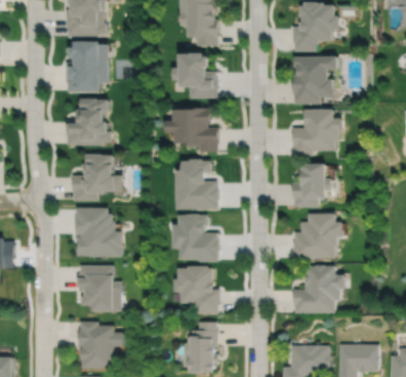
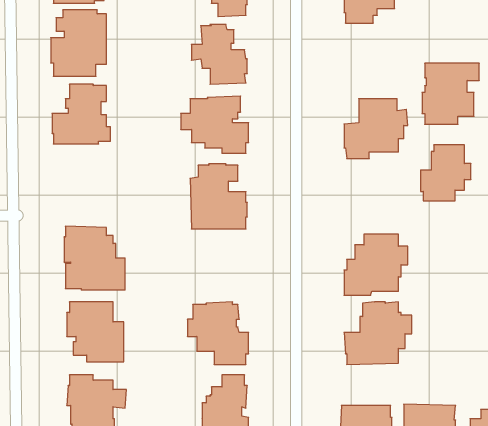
building: [292,56,336,103] -> [422,63,479,124]
building: [72,155,123,201] -> none
building: [291,164,330,207] -> [421,145,471,201]
building: [170,214,217,262] -> none

